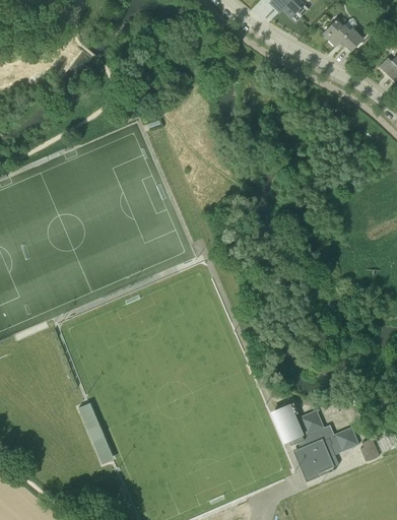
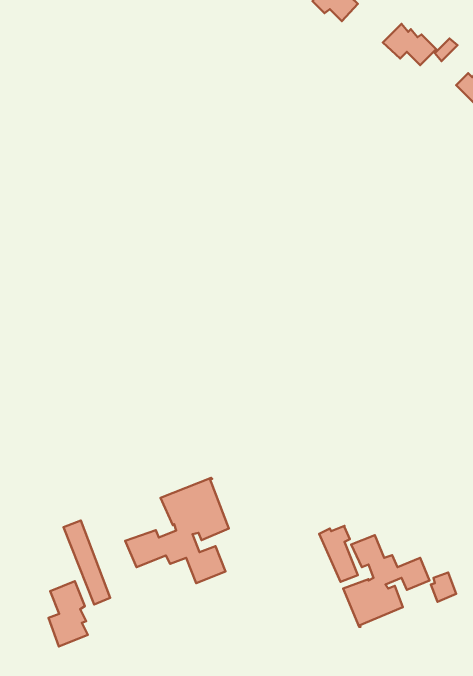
building: none -> [125,478,229,583]
building: none -> [49,581,88,646]

